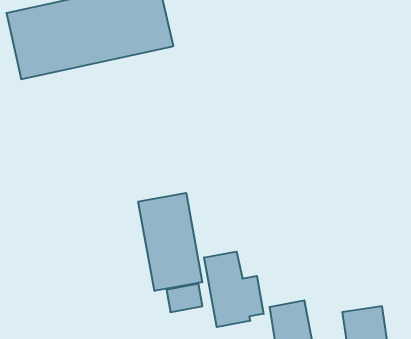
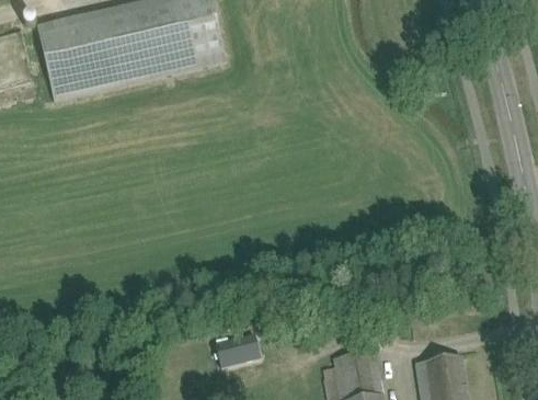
building: [138,193,202,291] -> none
building: [204,252,264,327] -> none

